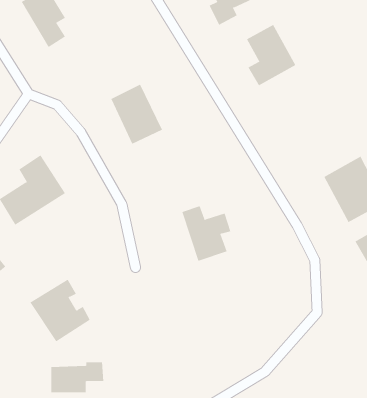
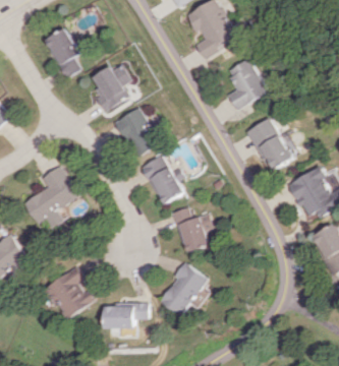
building: none -> [91,63,130,110]
building: none -> [245,117,292,171]
building: none -> [138,154,184,204]
building: none -> [162,263,209,315]
building: [50,362,104,393] -> [109,302,153,327]

